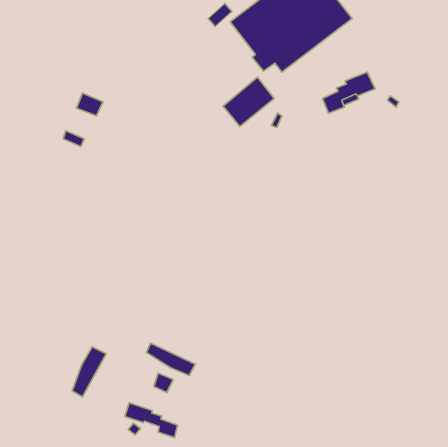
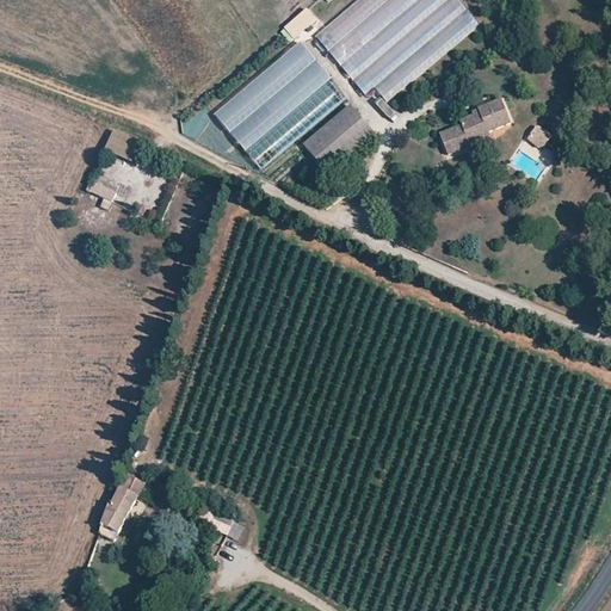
building: none -> [212,39,346,167]
building: [146,343,195,376] -> none
building: [125,403,178,438] -> none

